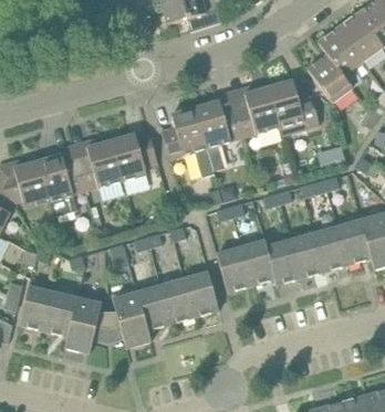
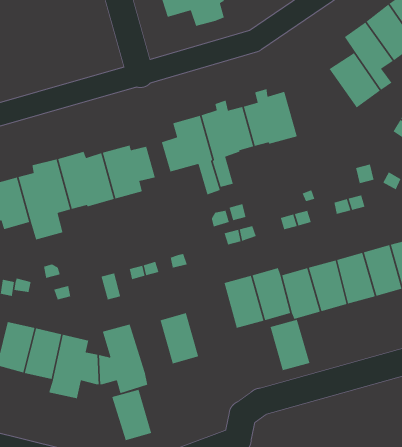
building: [269,81,320,135] -> none
building: [184,272,219,317] -> [269,319,310,371]
building: [136,285,171,330] -> [111,389,152,441]

